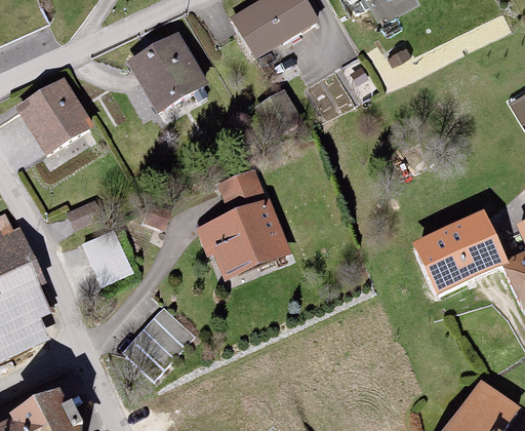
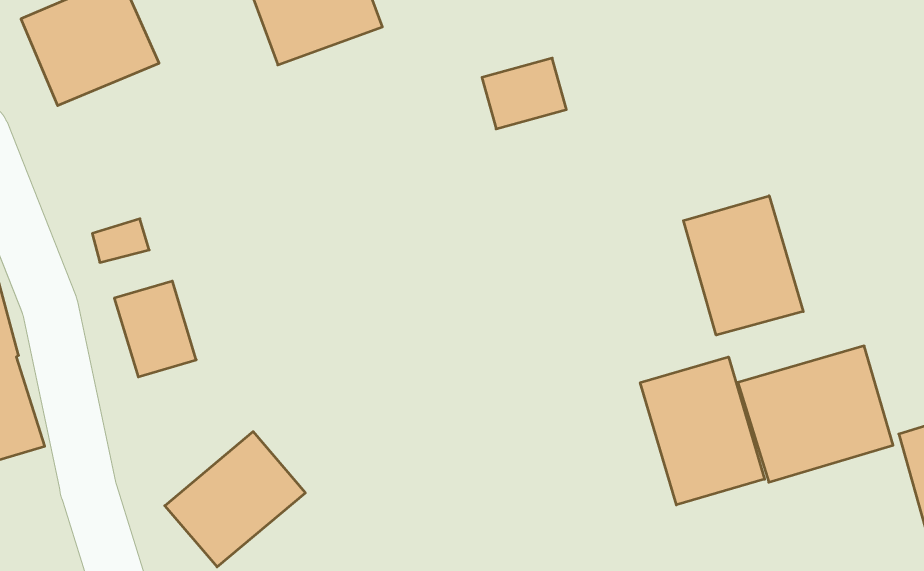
building: none -> [683,196,803,335]
building: [205,171,286,271] -> none
building: none -> [640,357,765,505]

